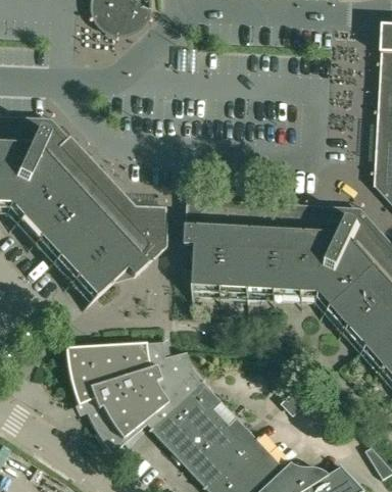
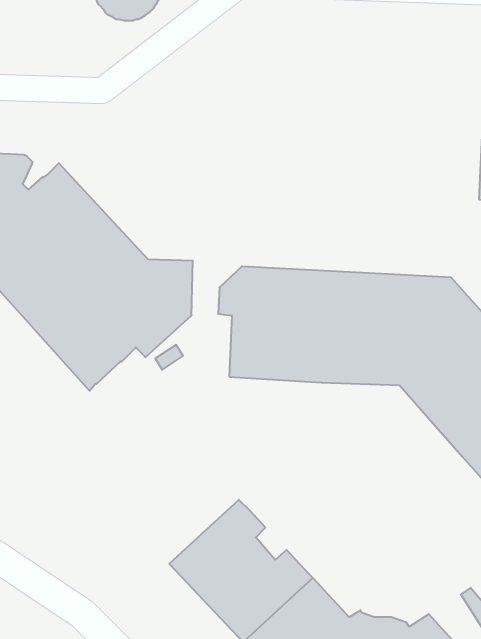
building: [64,332,201,452] -> none

